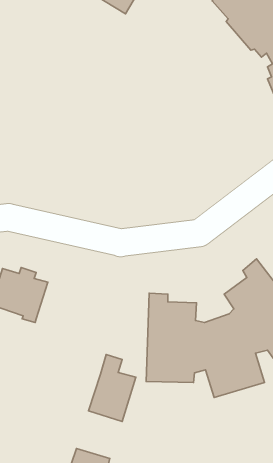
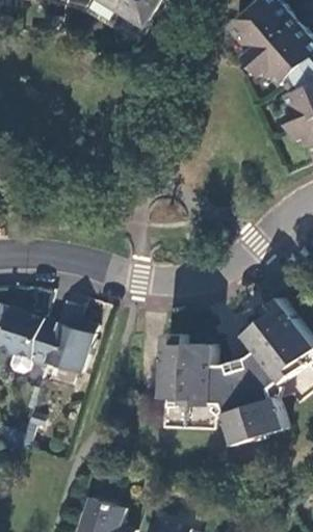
building: [89,355,136,422] -> [45,301,95,372]

